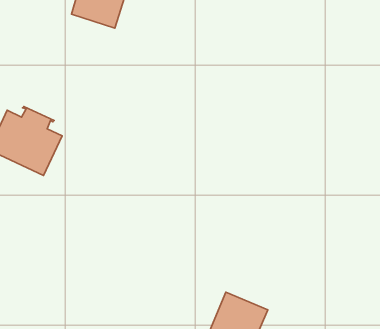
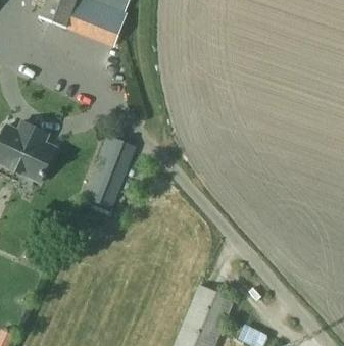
building: none -> [84,134,137,207]

